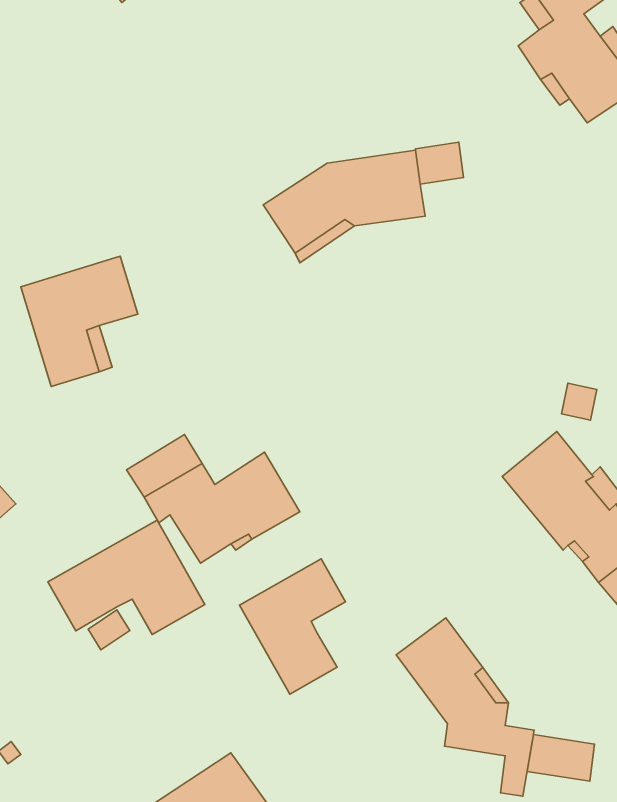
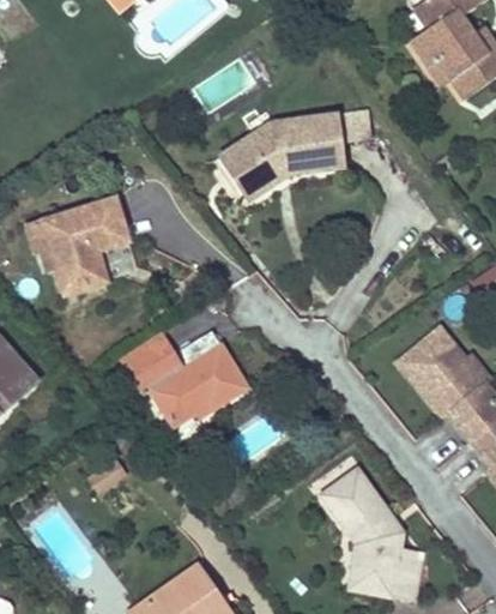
building: [48,520,205,635] -> none
building: [239,559,346,694] -> none
building: [527,735,595,781] -> [351,561,401,596]

